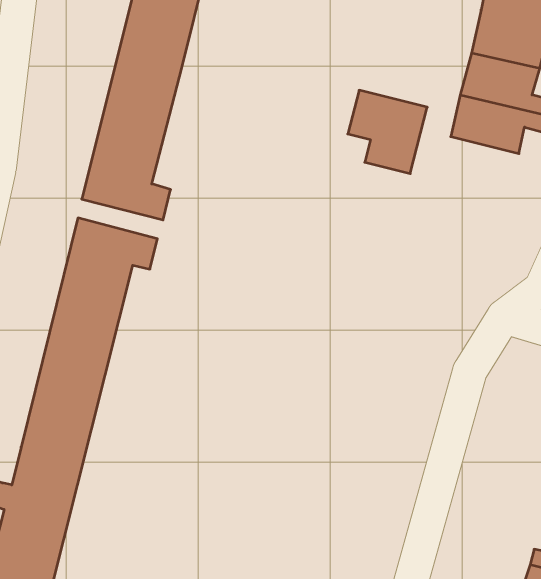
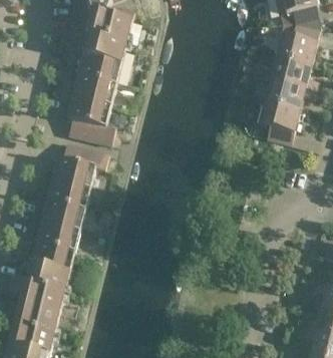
building: [348,90,427,174] -> [257,101,299,145]

